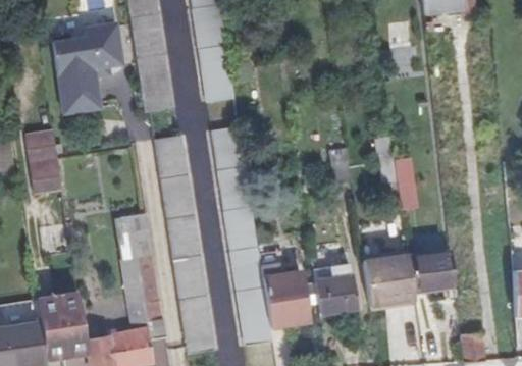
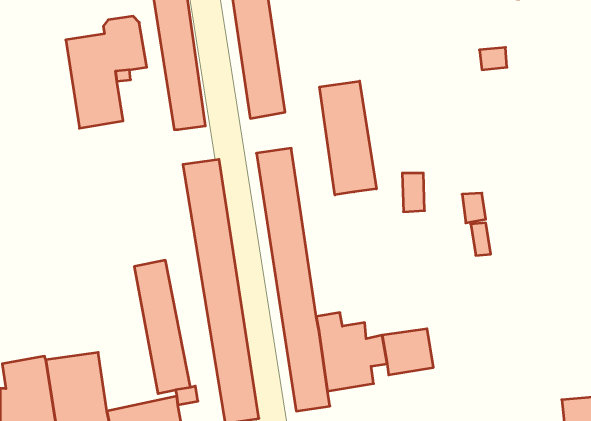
building: none -> [320,81,376,195]
building: [30,134,65,193] -> none
building: [410,250,456,290] -> none
building: [365,259,405,309] -> none

